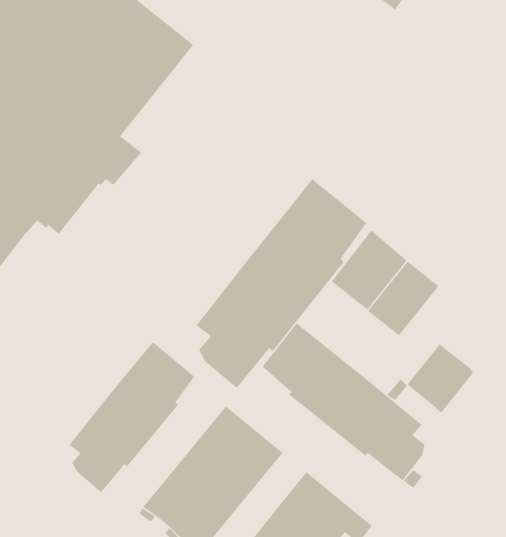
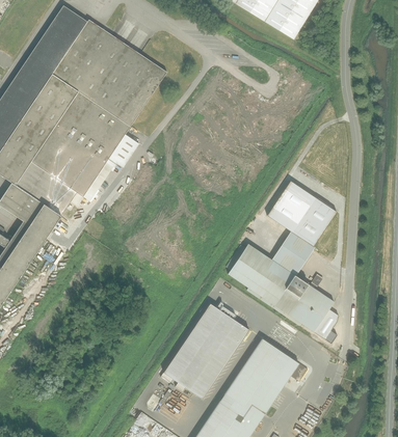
building: [196,178,367,389] -> none
building: [69,341,195,493] -> none
building: [407,343,474,414] -> [274,233,317,277]

